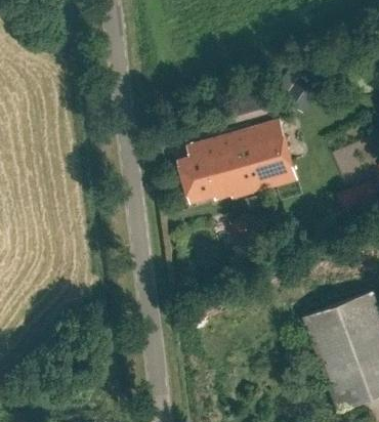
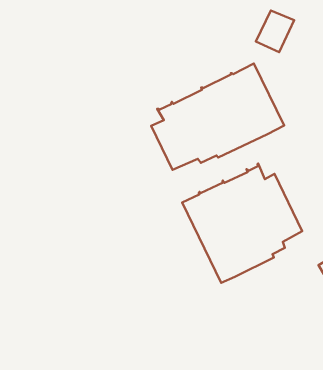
building: none -> [182,164,302,283]

